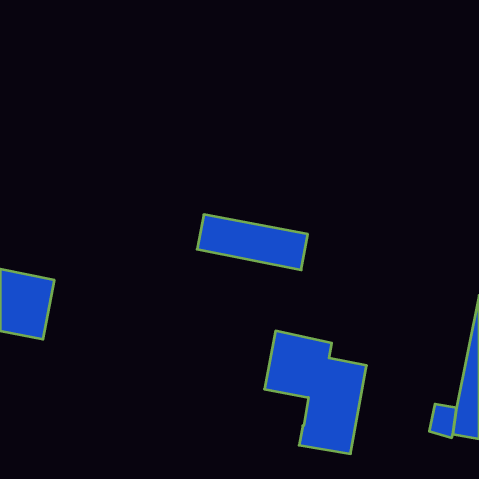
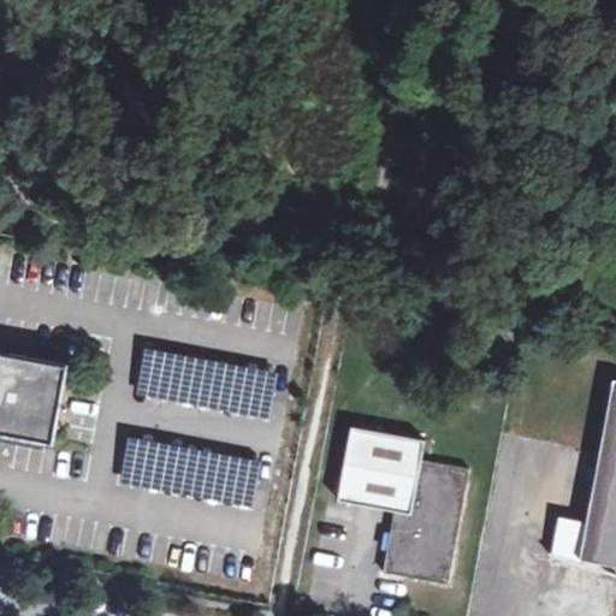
building: [197,215,308,270] -> [137,348,279,419]
building: none -> [117,437,259,508]

